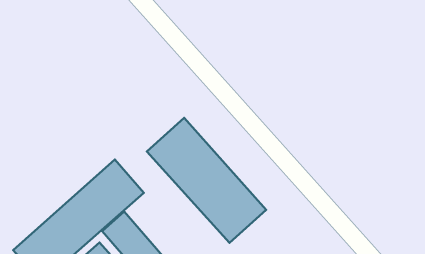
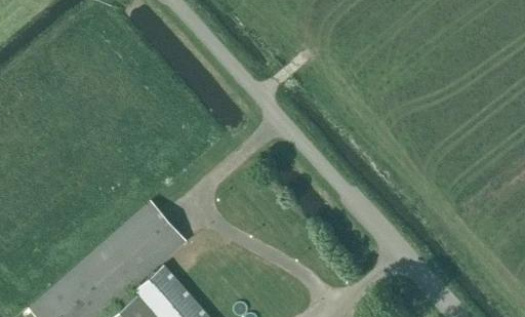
building: [147,118,266,243] -> none

